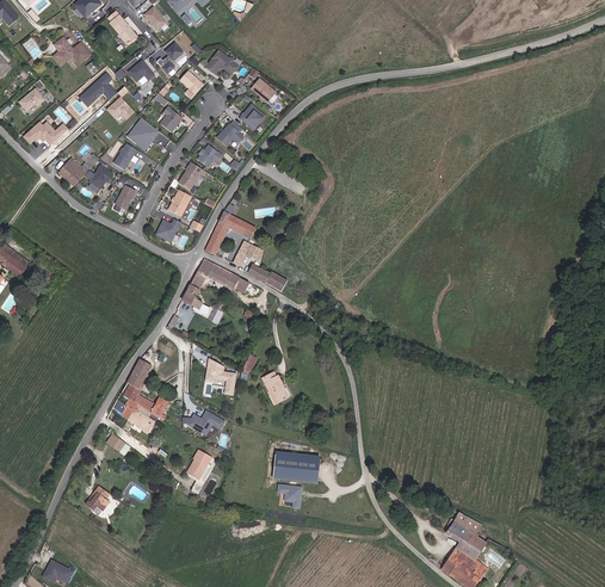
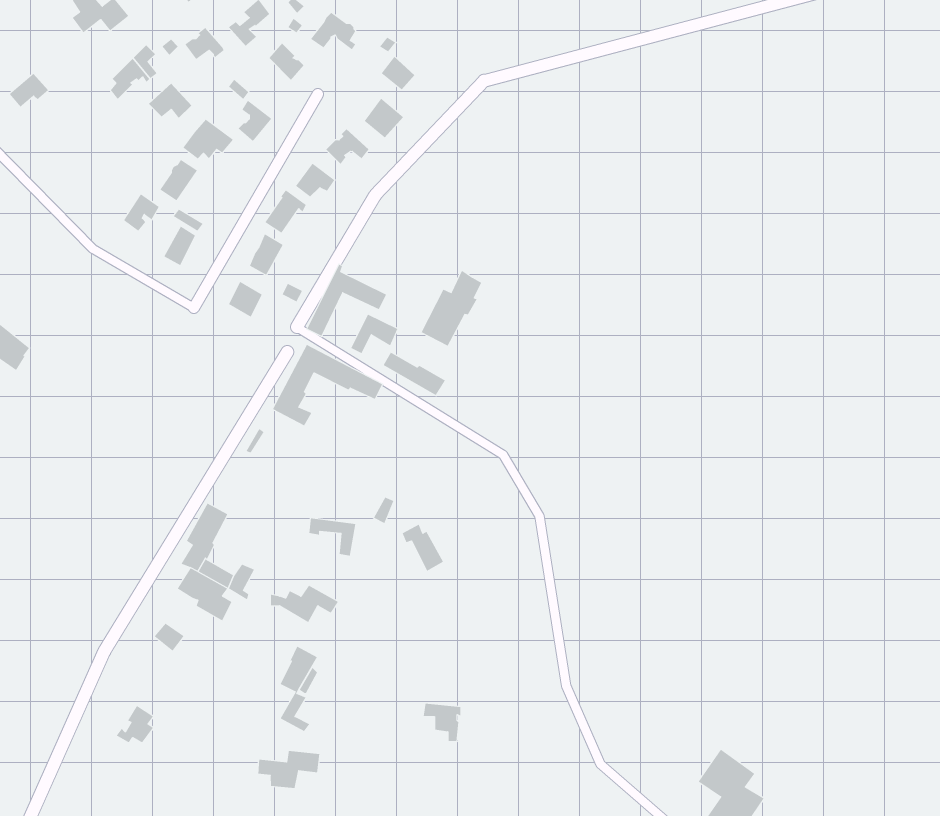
building: [23,123,67,146] -> none
building: [57,155,98,185] -> none
building: none -> [421,270,482,347]
building: [272,453,319,481] -> none
building: none -> [258,750,320,789]

